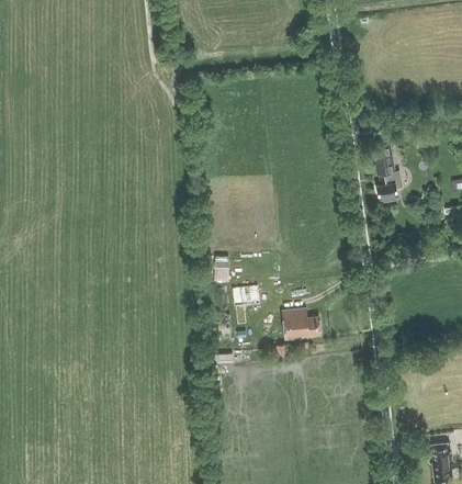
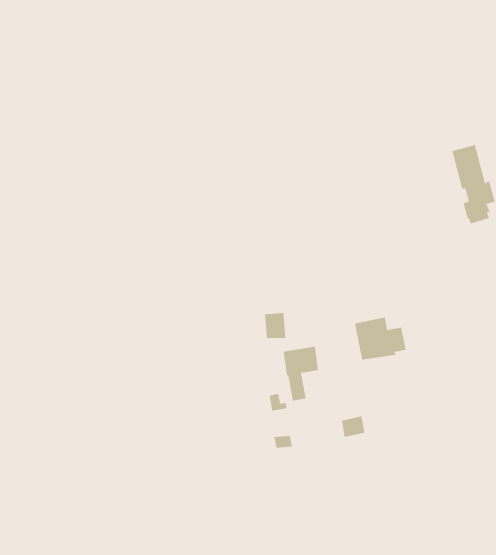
building: [282,307,320,339] -> [354,317,407,360]

